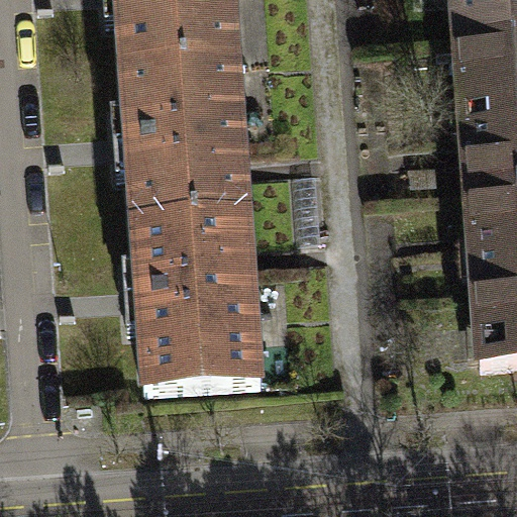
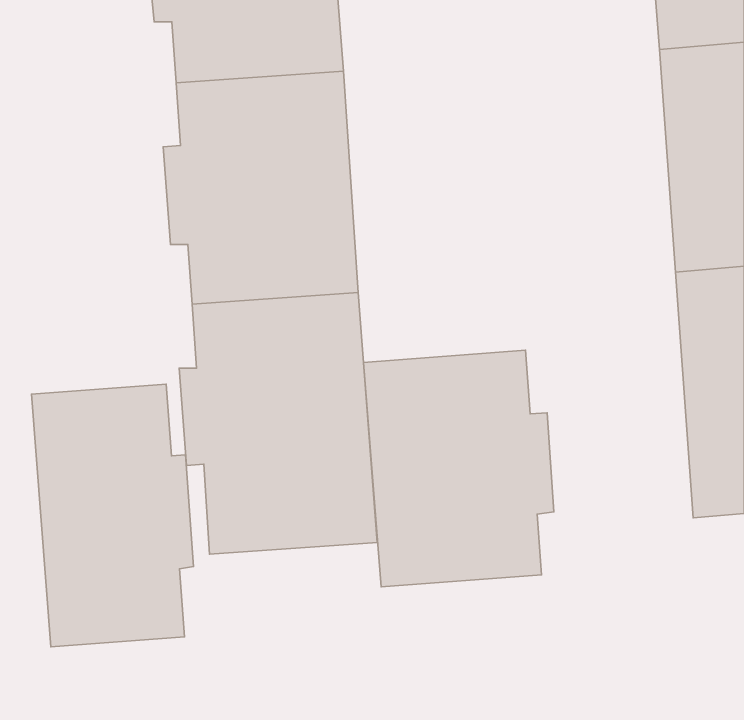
building: none -> [363,350,554,587]
building: none -> [31,384,194,647]

